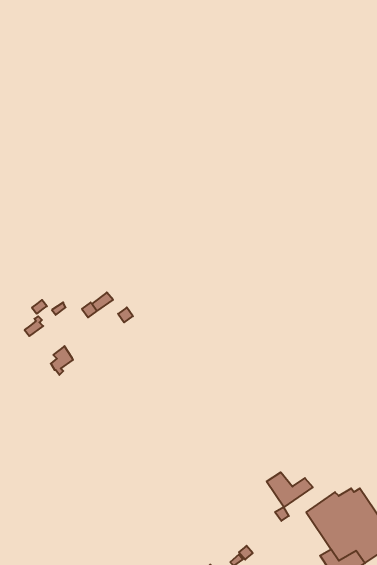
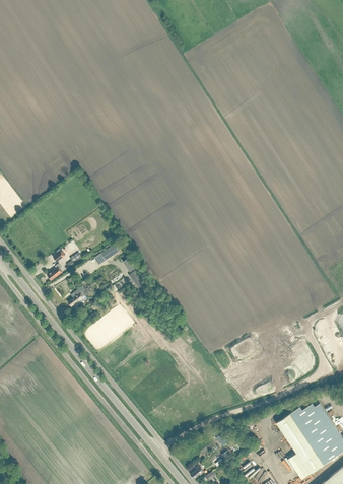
building: [267,472,313,507] -> none

